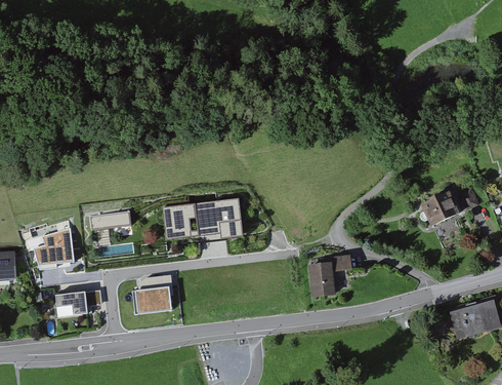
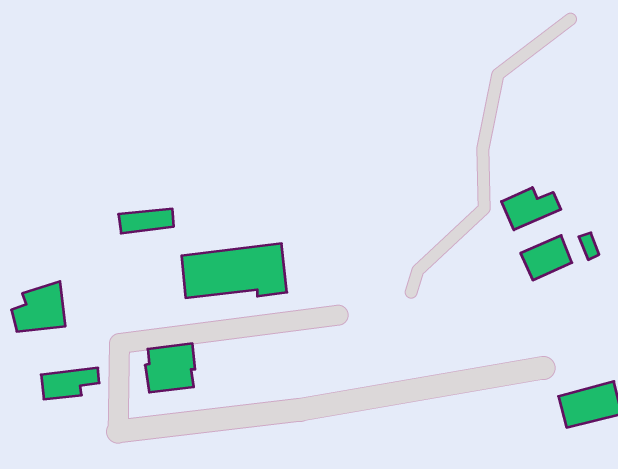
building: none -> [501,187,561,230]
building: [89,210,131,229] -> [118,209,174,233]
building: [308,255,351,297] -> none

